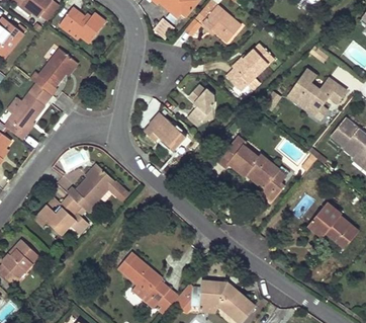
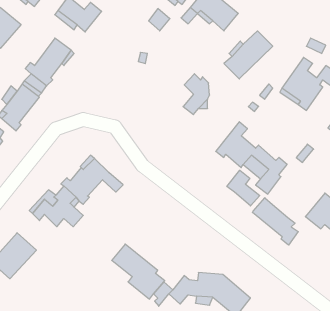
building: [145,110,186,149] -> none
building: none -> [227,170,260,206]
building: none -> [252,198,298,245]

